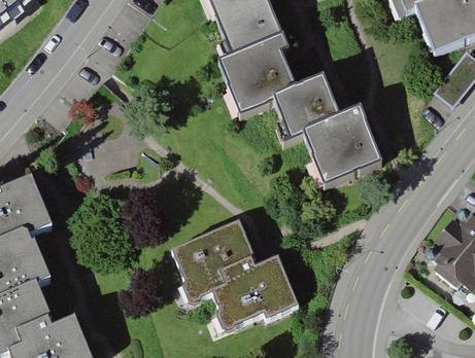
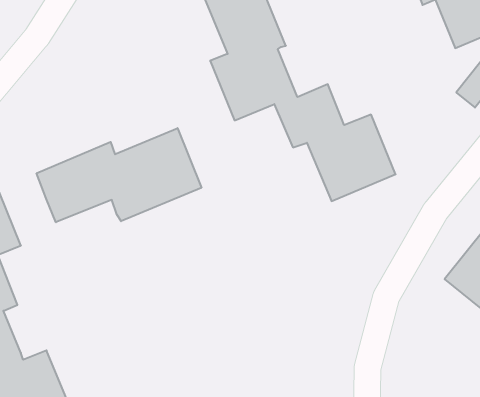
building: none -> [37,128,201,222]
building: [172,217,298,329] -> none

